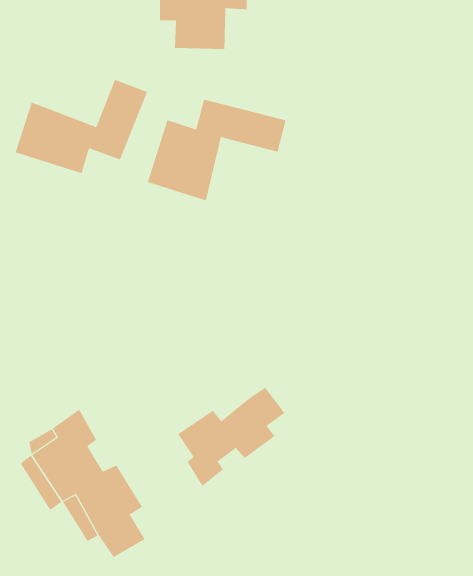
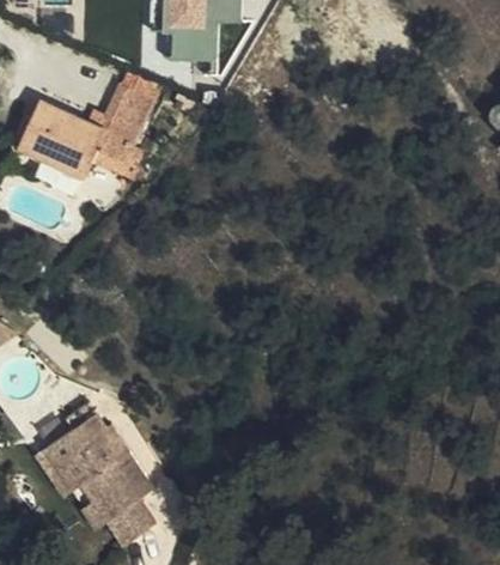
building: [147,99,286,201] -> none
building: [177,387,285,487] -> none

